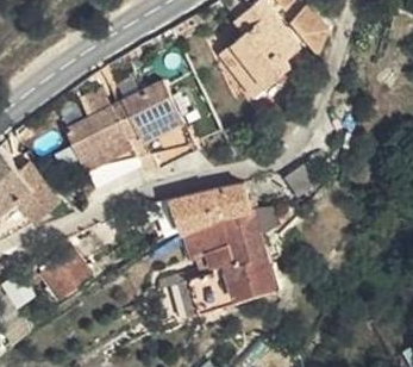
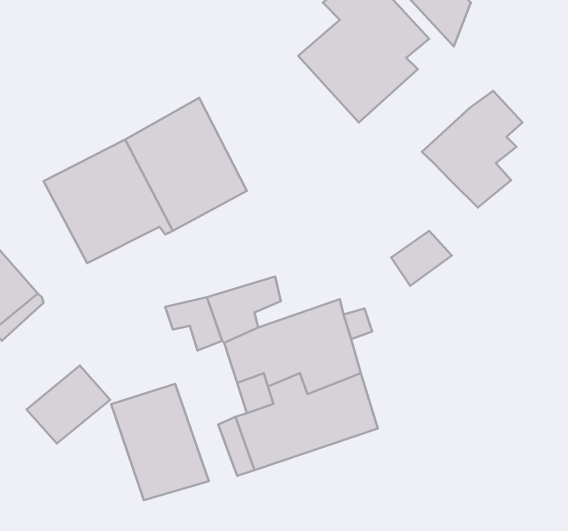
building: none -> [422,91,523,208]
building: [193,185,246,225] -> none
building: none -> [111,384,209,500]

